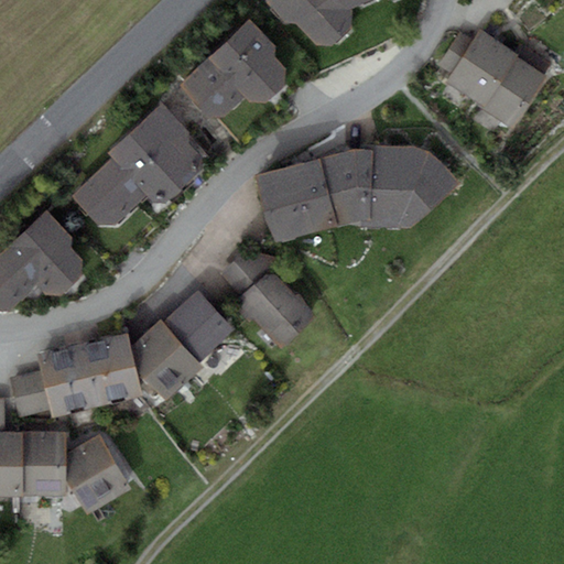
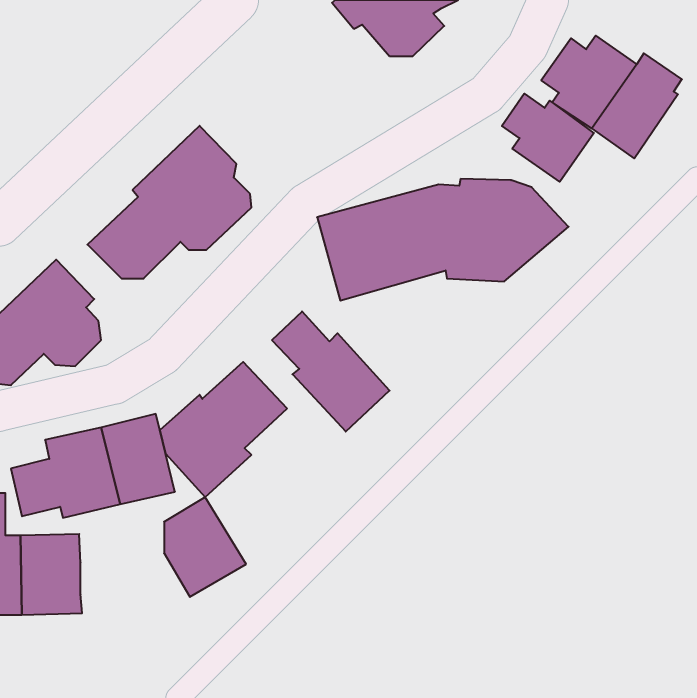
building: [178,19,286,117] -> none
building: none -> [502,94,594,182]
building: [65,434,131,514] -> [164,497,246,597]

